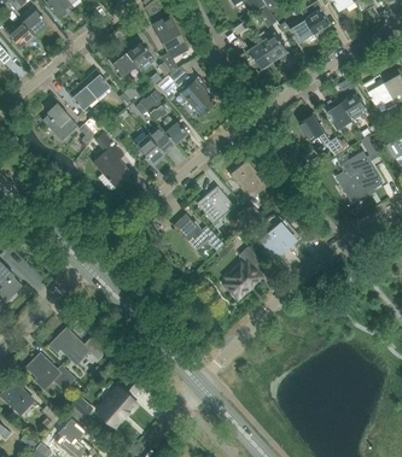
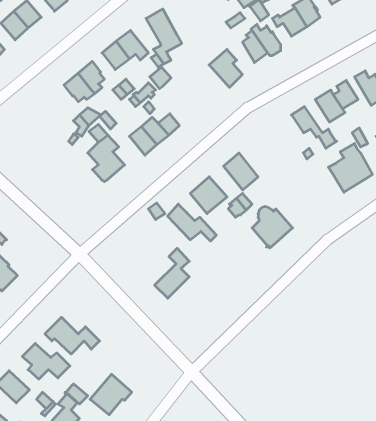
building: [180,77,214,116] -> [209,49,242,87]
building: [41,104,77,141] -> none
building: [225,247,260,298] -> [155,248,189,298]

